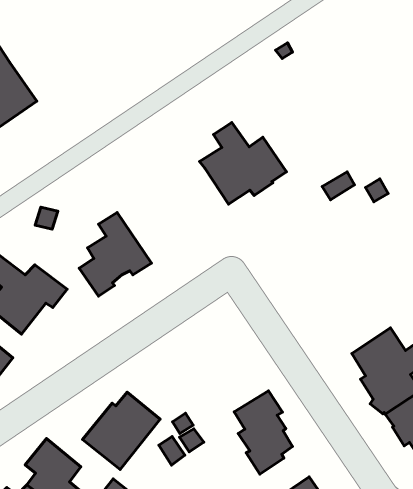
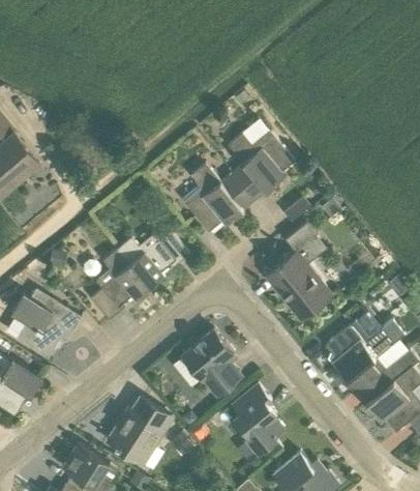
building: none -> [228,128,295,200]
building: none -> [117,231,189,288]
building: none -> [266,223,332,317]
building: none -> [182,329,241,396]

